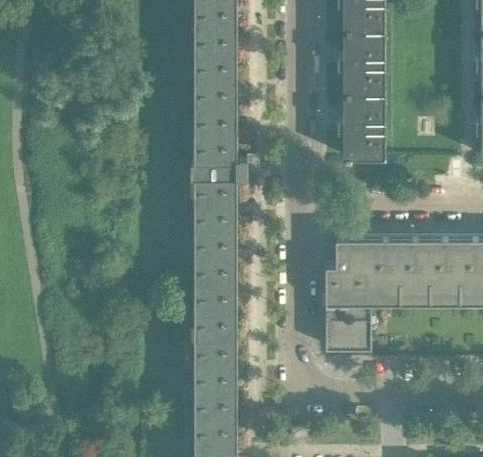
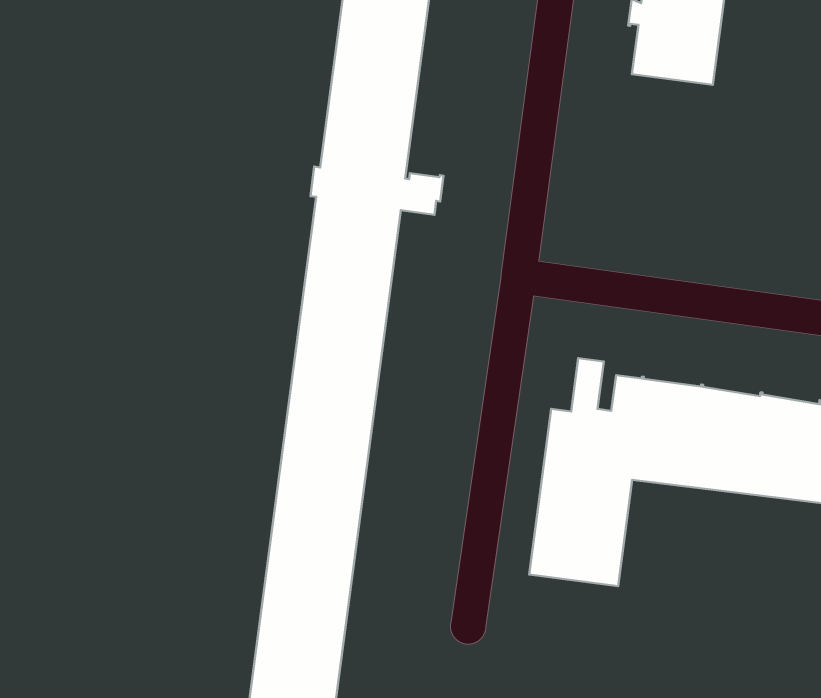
building: [337,93,384,159] -> none

